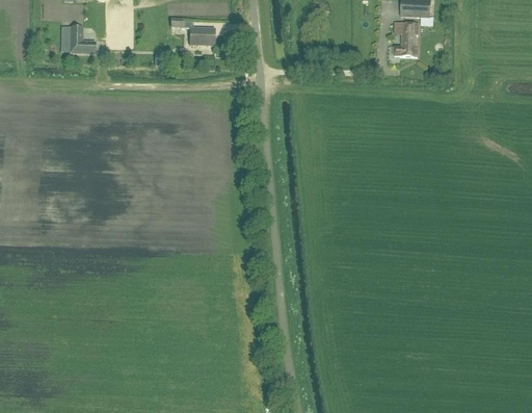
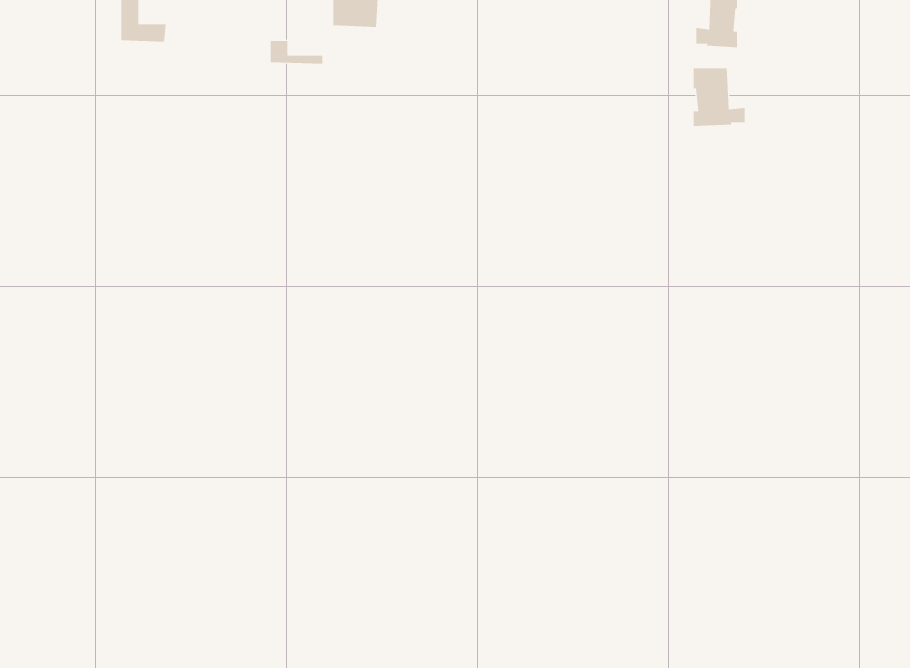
building: none -> [693,68,745,127]

